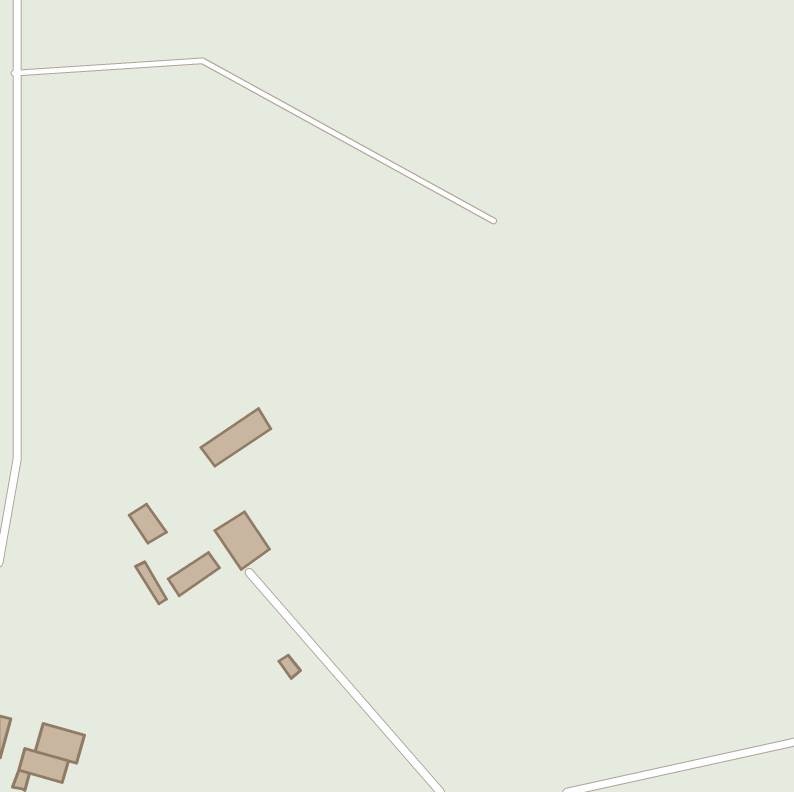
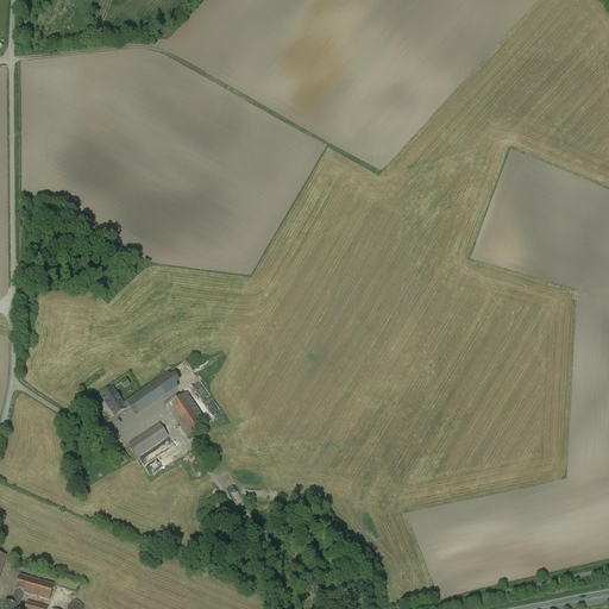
building: [201,409,271,466] -> [124,371,177,415]
building: [35,723,84,763] -> none

